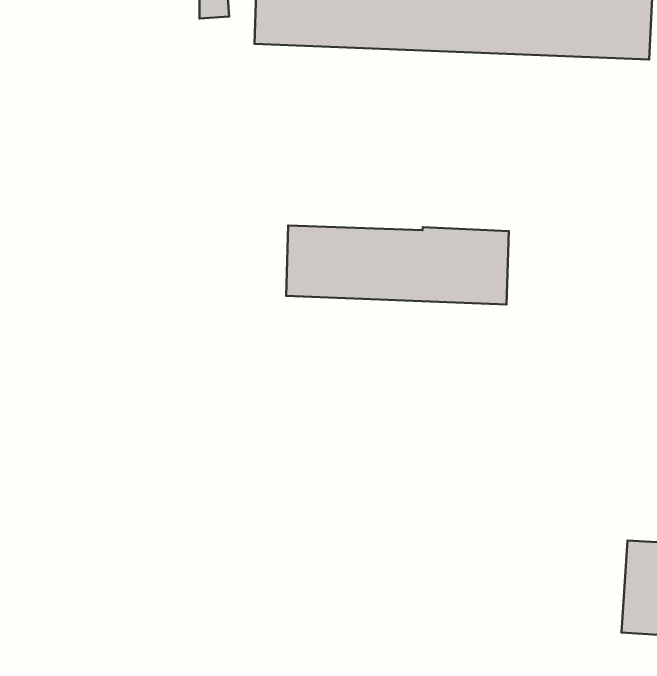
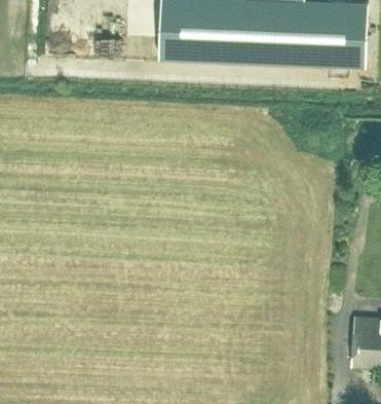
building: [286,225,509,304] -> none

